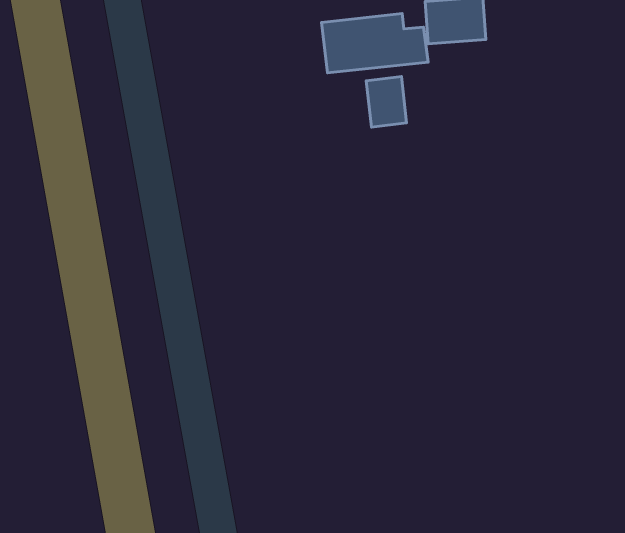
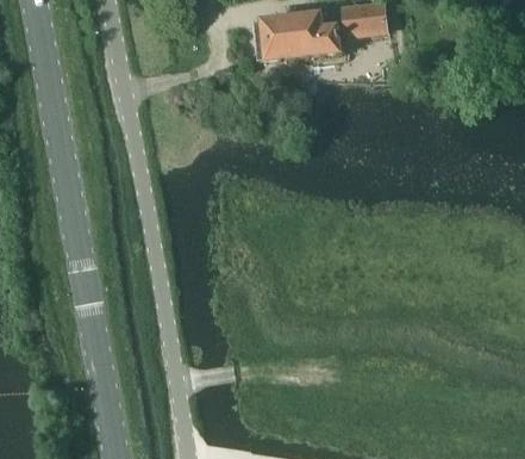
building: [366,76,407,127] -> none

